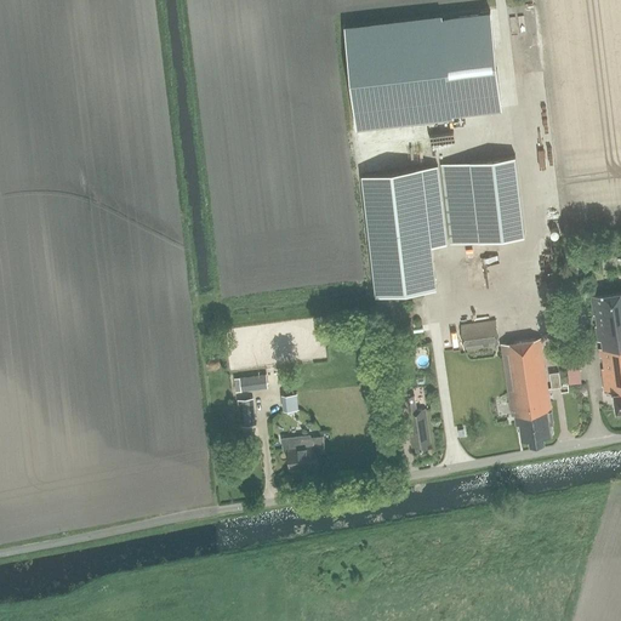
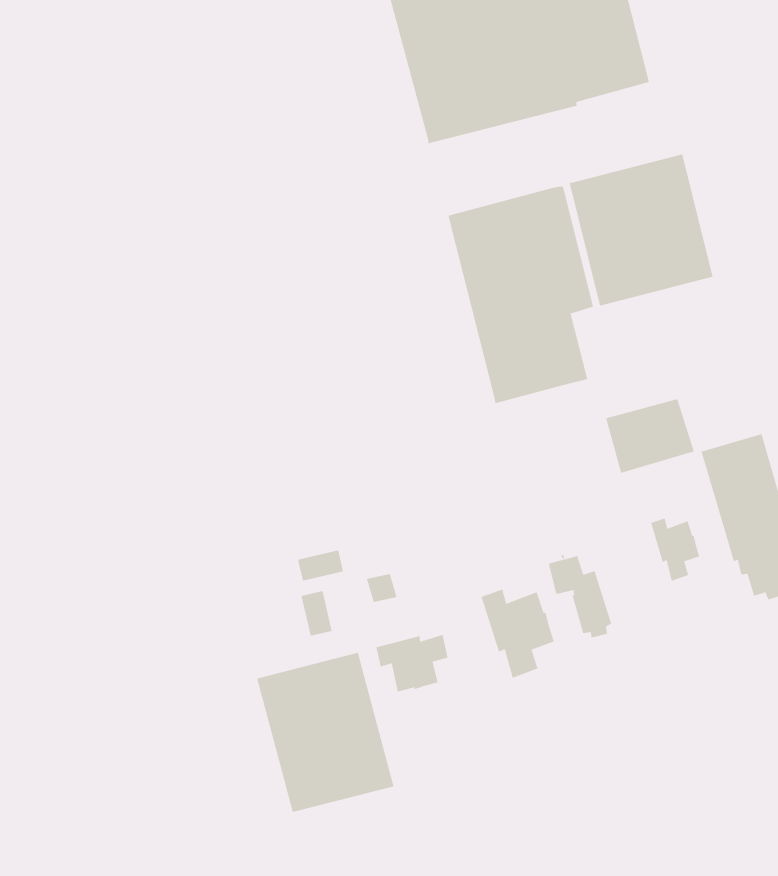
building: none -> [650,517,700,582]
building: none -> [481,589,555,679]
building: none -> [256,652,395,813]

